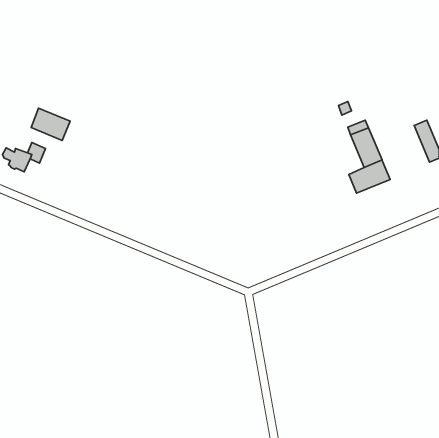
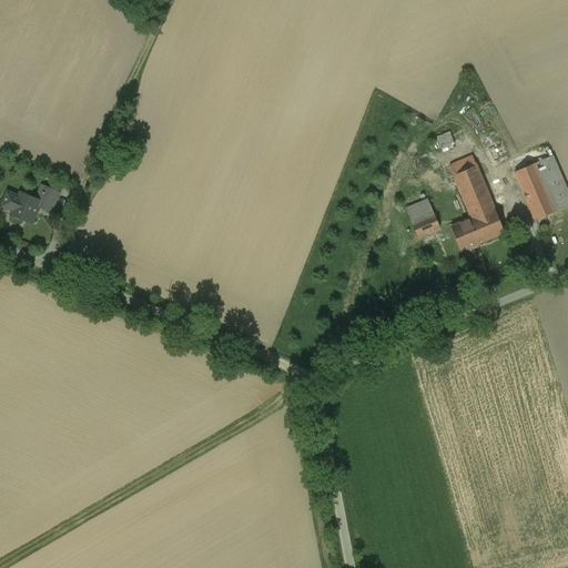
building: [31,108,70,140] -> none
building: none -> [514,162,555,219]
building: none -> [406,200,439,235]

